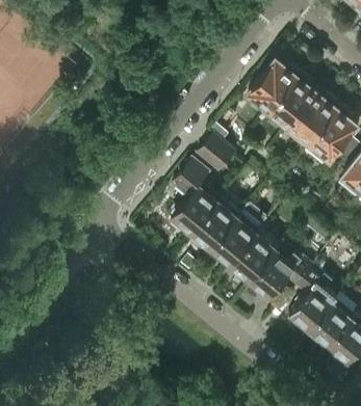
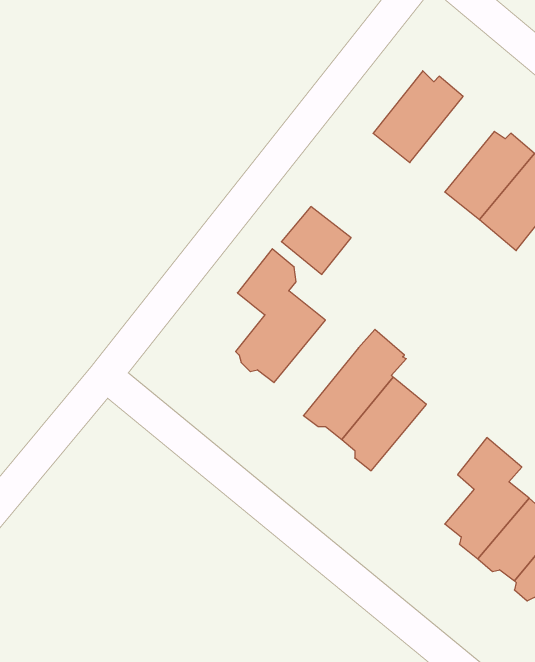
building: [269,73,317,127] -> none
building: [192,199,240,253] -> none
building: [248,247,313,298] -> none

